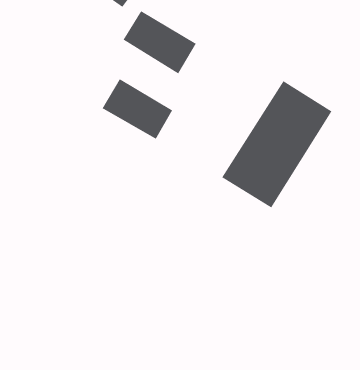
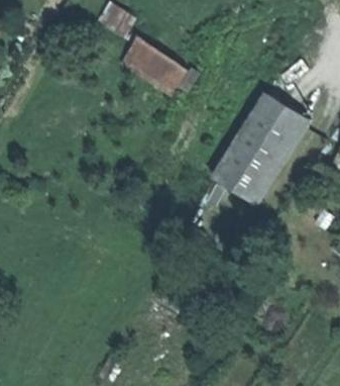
building: [101,78,173,140] -> none

